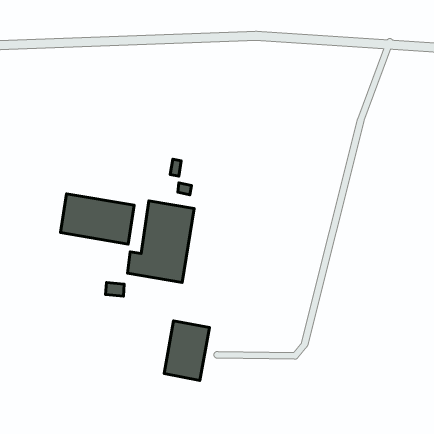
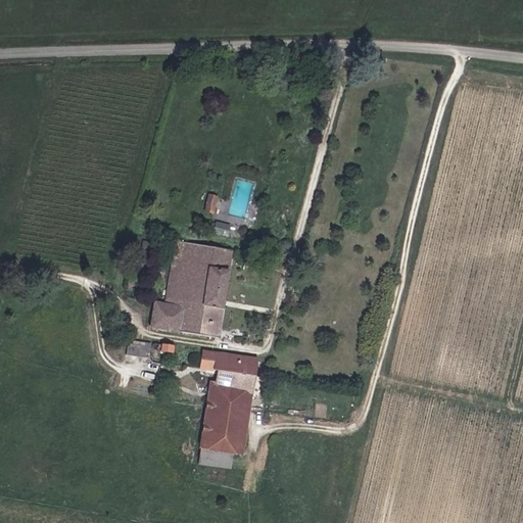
building: [60,194,134,244] -> none
building: none -> [199,348,257,393]

